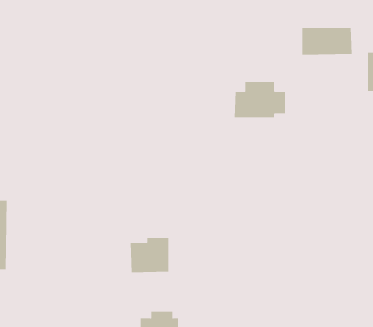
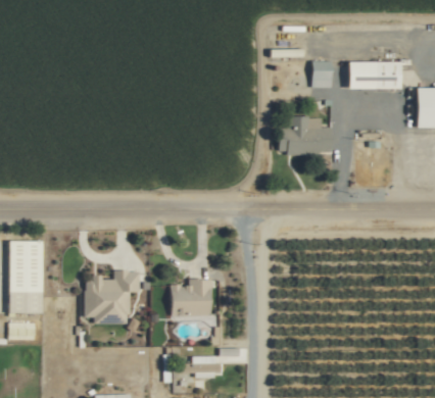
building: none -> [313,61,333,88]
building: none -> [85,270,140,324]

